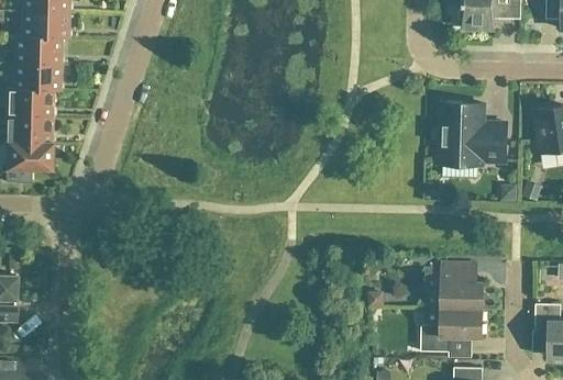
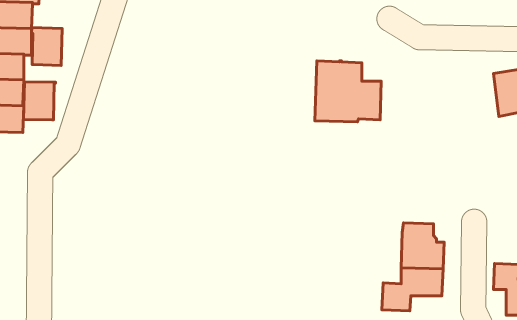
building: none -> [31,27,62,66]
building: [438,102,506,165] -> [315,61,381,122]
building: none -> [24,82,56,120]

